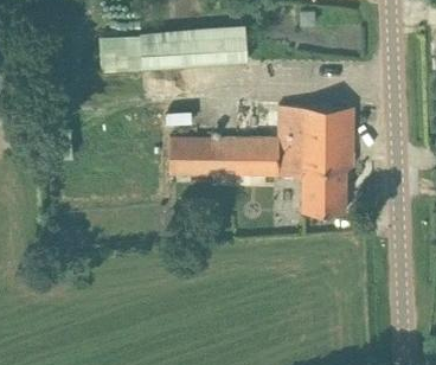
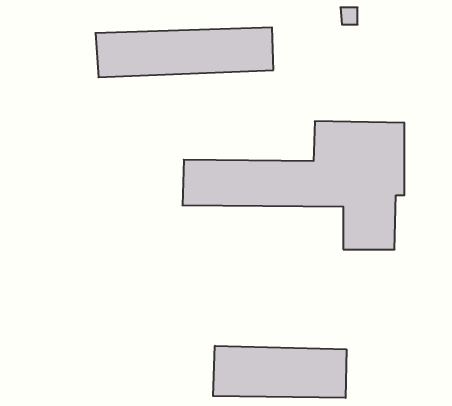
building: none -> [213,346,346,398]

